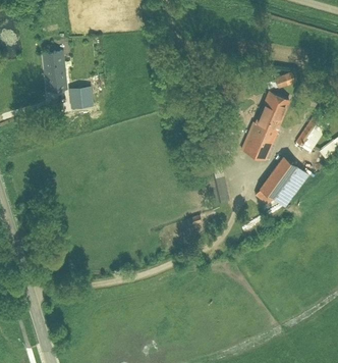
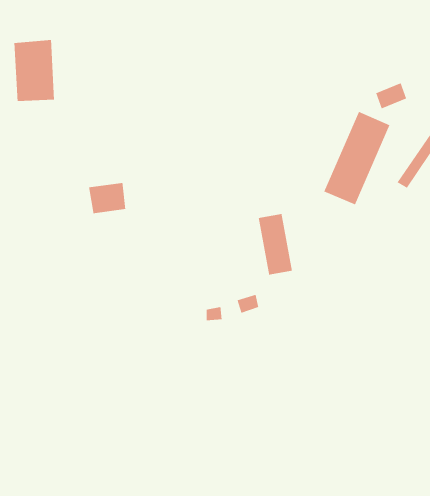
building: [72,87,98,108] -> [88,182,126,214]
building: [252,158,311,209] -> none

